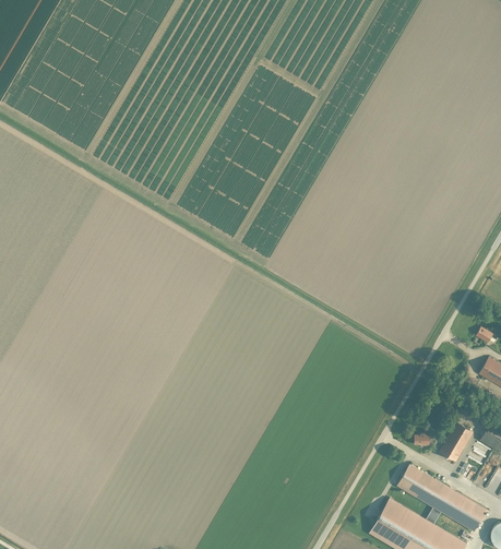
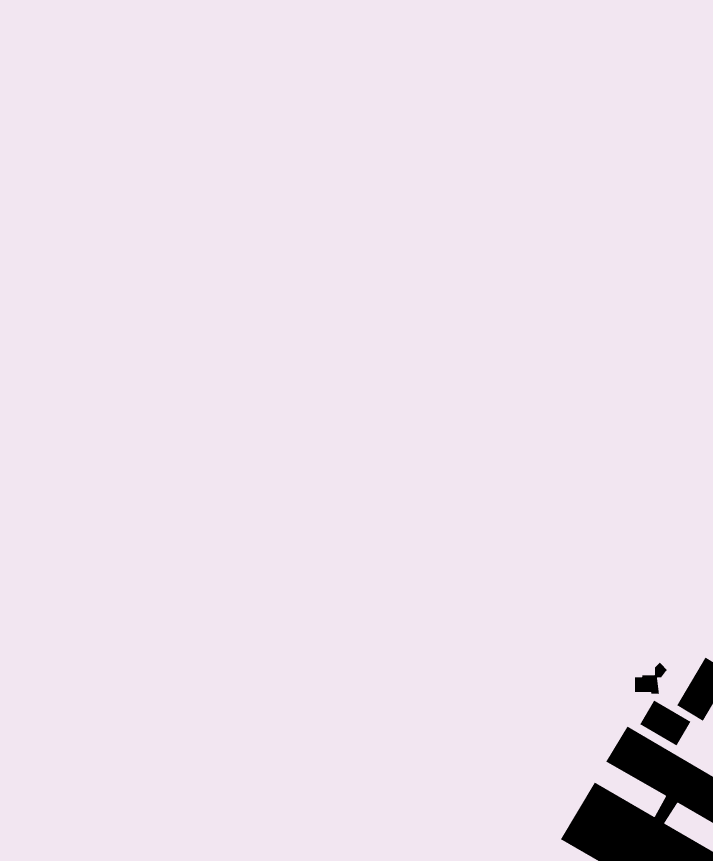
building: none -> [639,699,691,747]

